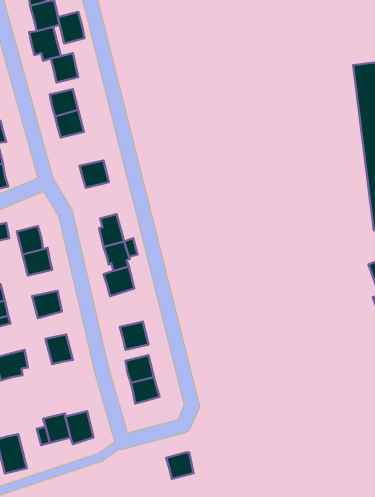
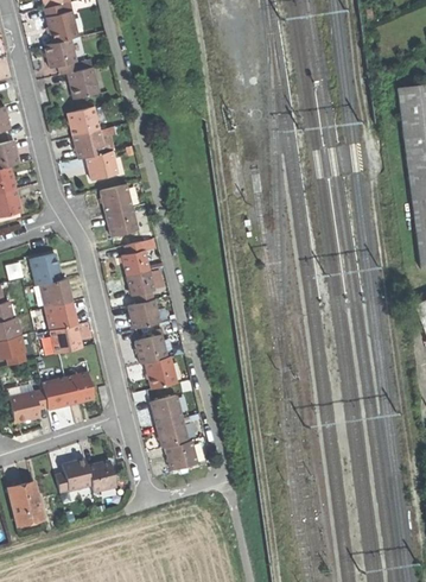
building: [58,12,84,43] -> none
building: none -> [87,152,116,182]
building: none -> [108,208,139,236]
building: none -> [45,303,77,331]
building: none -> [135,337,166,366]
building: none -> [40,378,71,411]
building: [166,452,194,479] -> [166,441,196,469]

